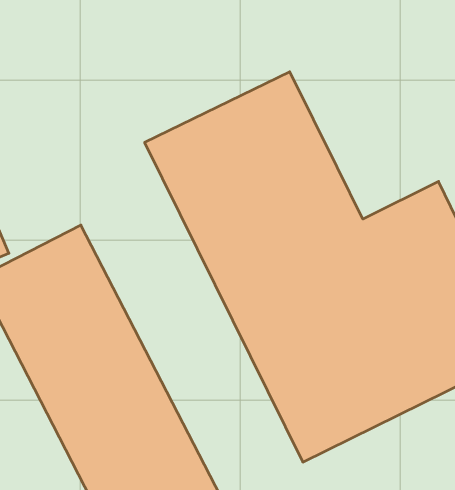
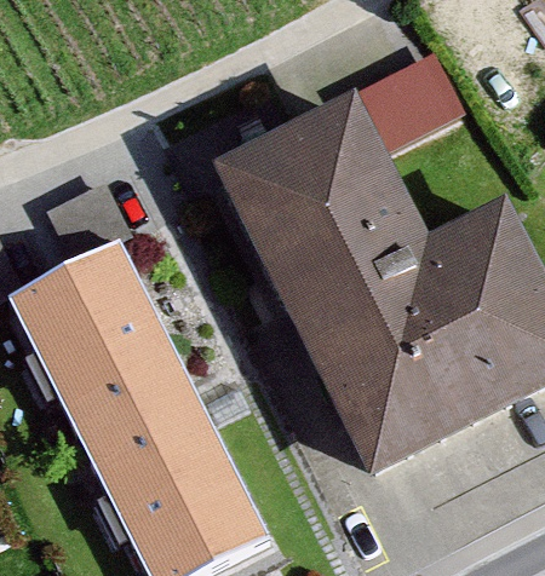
building: none -> [351,47,465,144]

